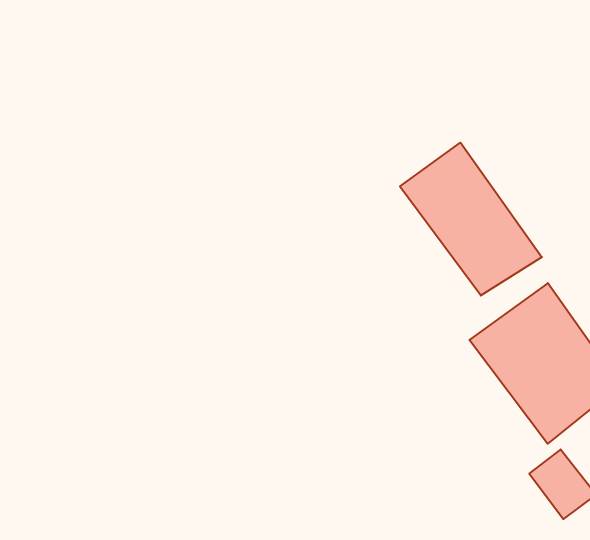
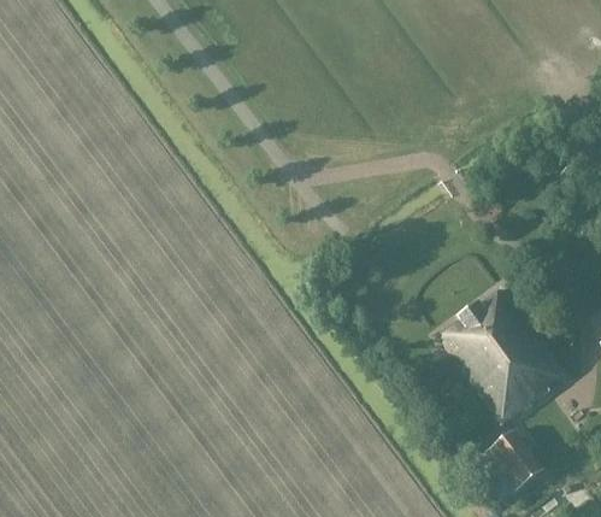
building: [400,143,542,296] -> none

